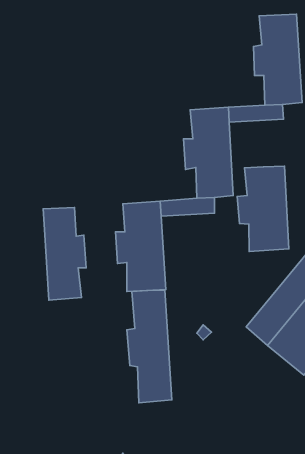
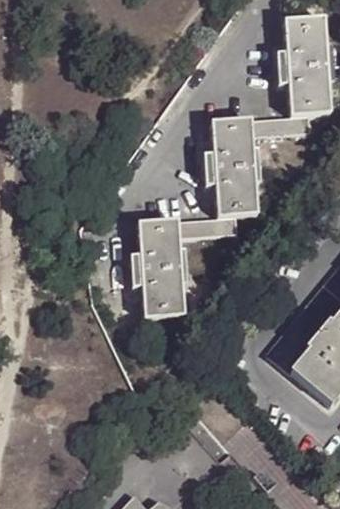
building: [237,166,289,251] -> none
building: [43,207,86,300] -> none
building: [127,290,172,403] -> none

